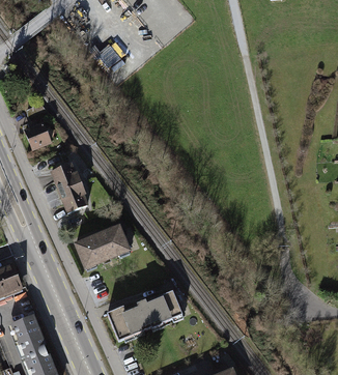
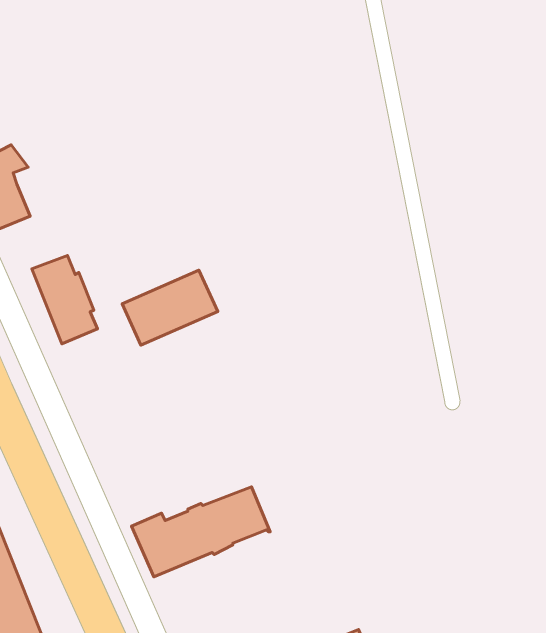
building: [76,226,129,267] -> [122,270,218,345]

